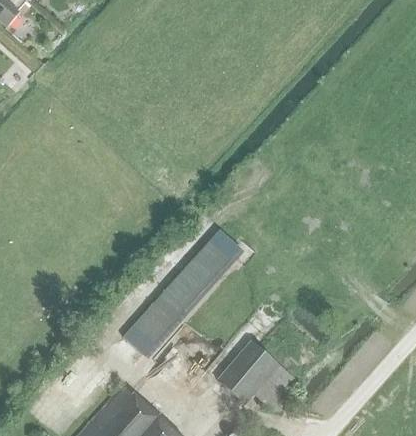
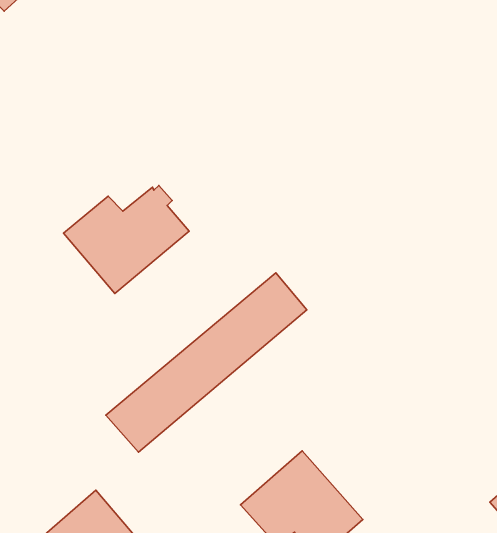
building: none -> [63,185,189,293]

